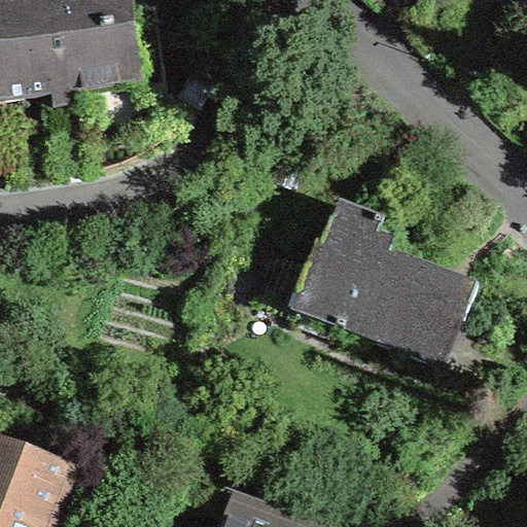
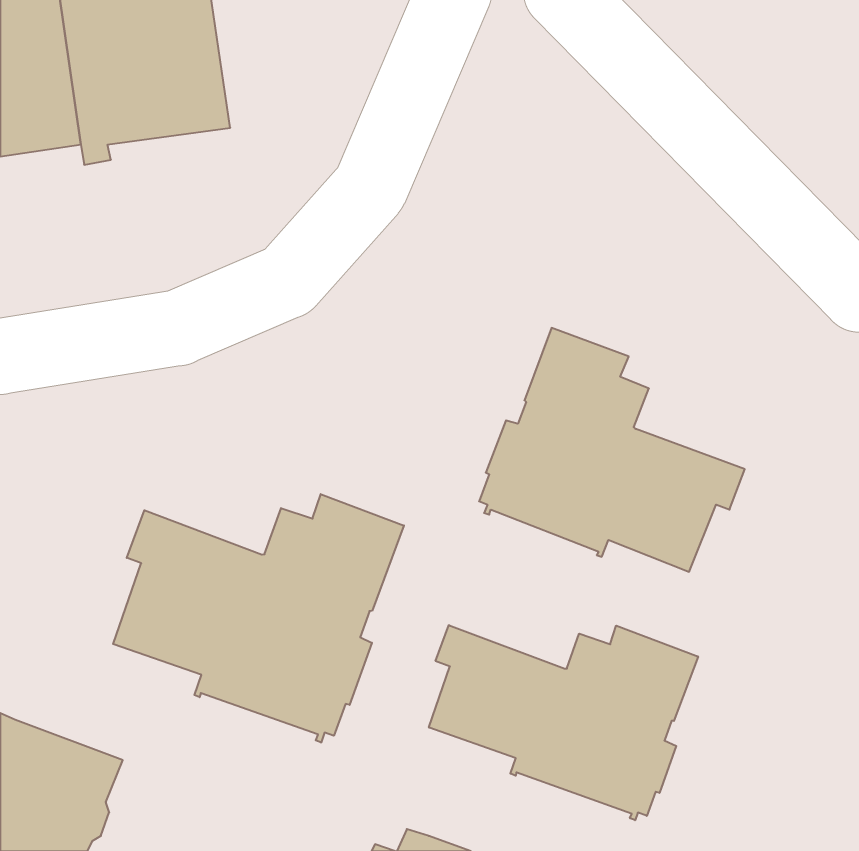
building: none -> [113,494,404,743]
building: none -> [429,625,698,820]

